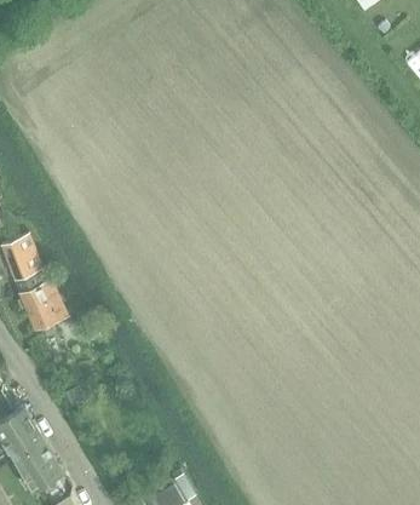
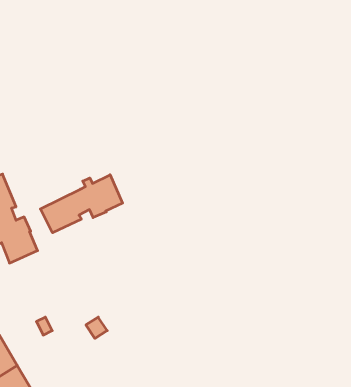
building: none -> [40,175,123,233]

